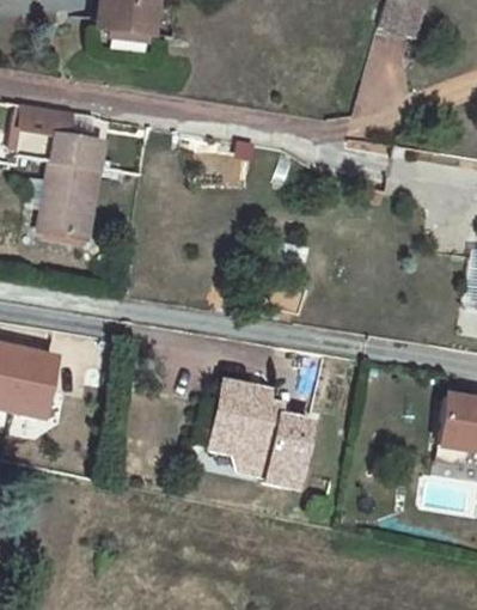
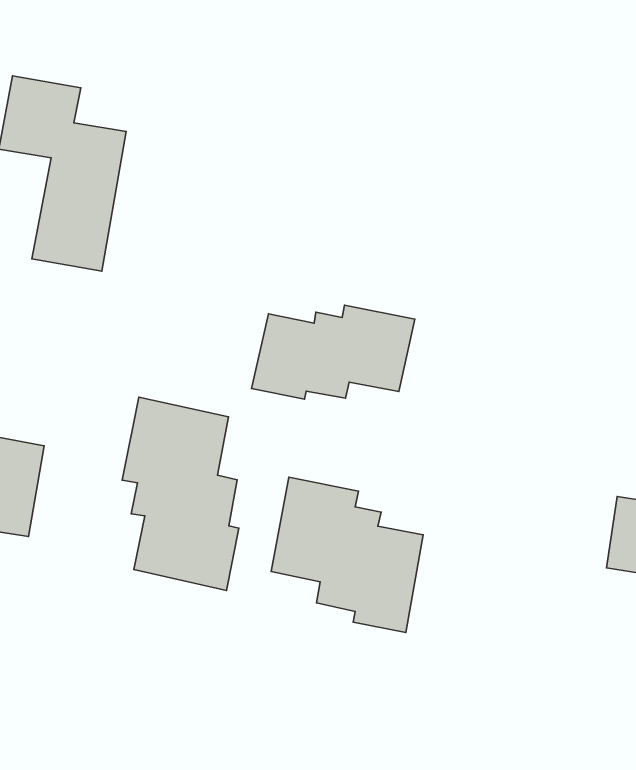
building: none -> [252,305,415,399]
building: none -> [122,397,239,590]

